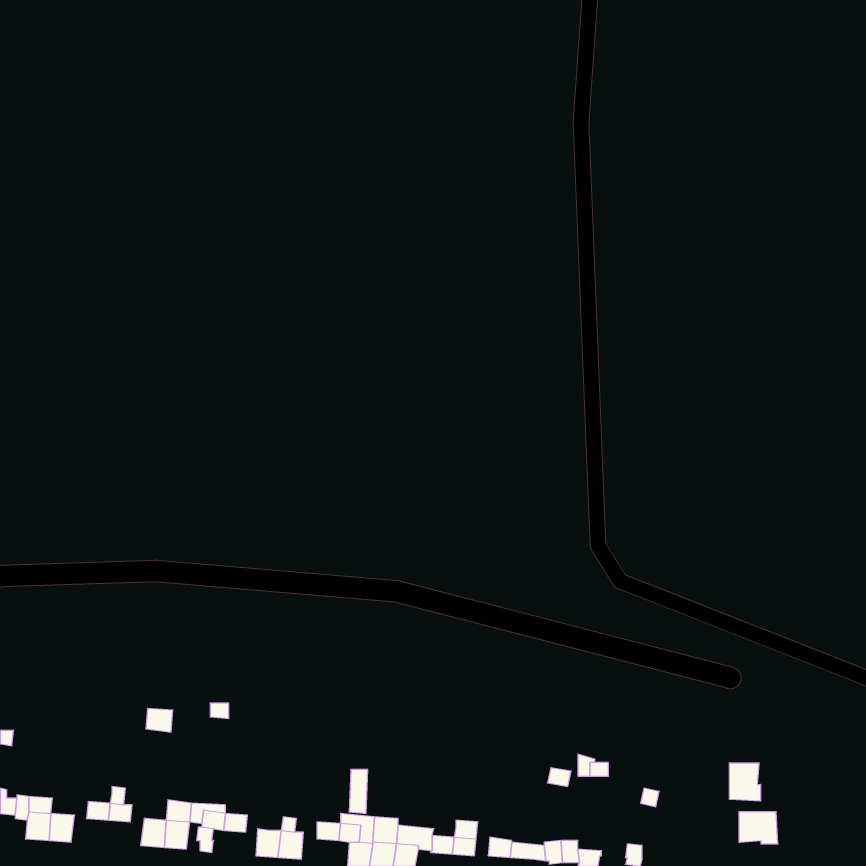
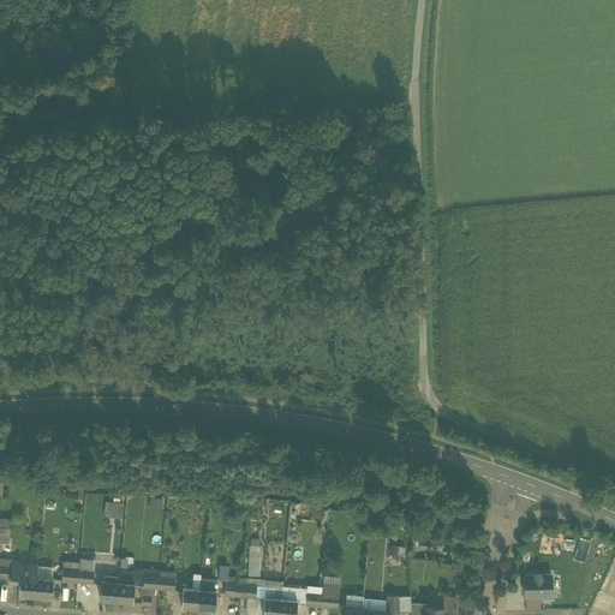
building: [730,763,761,801] -> none

